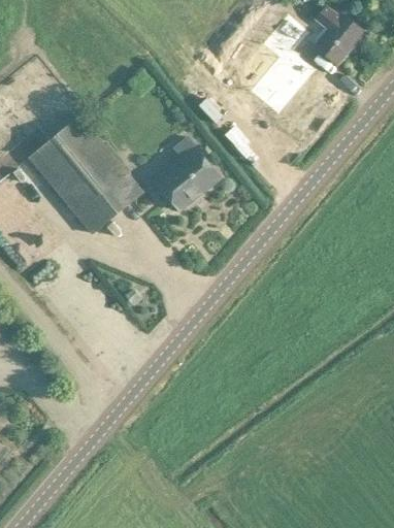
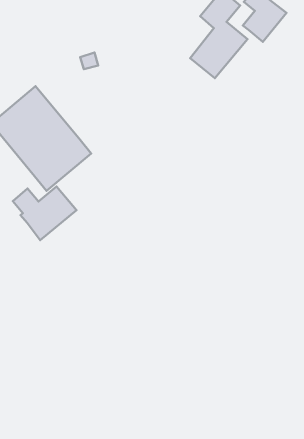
building: [152,139,215,213] -> none
building: none -> [13,187,76,240]

